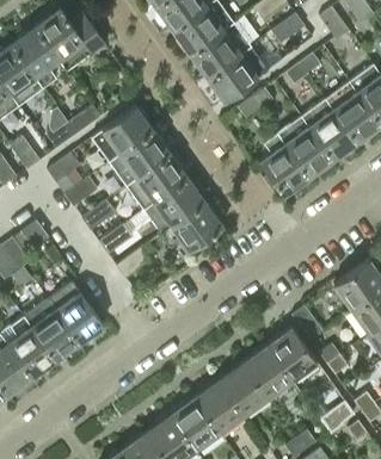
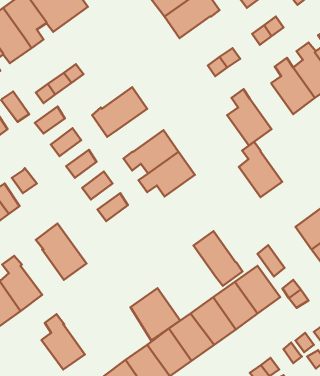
building: [207,54,269,101] -> none
building: [92,106,154,162] -> none
building: [284,117,332,178] -> [239,142,282,197]
building: [127,155,189,210] -> none
building: none -> [194,231,243,286]
building: [31,299,79,360] -> [41,314,85,370]
building: none -> [130,288,180,340]

